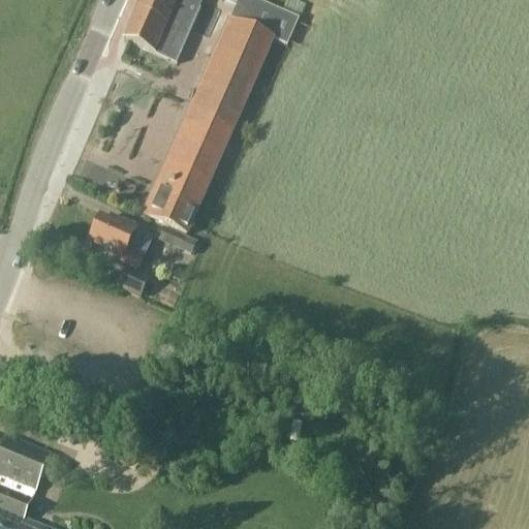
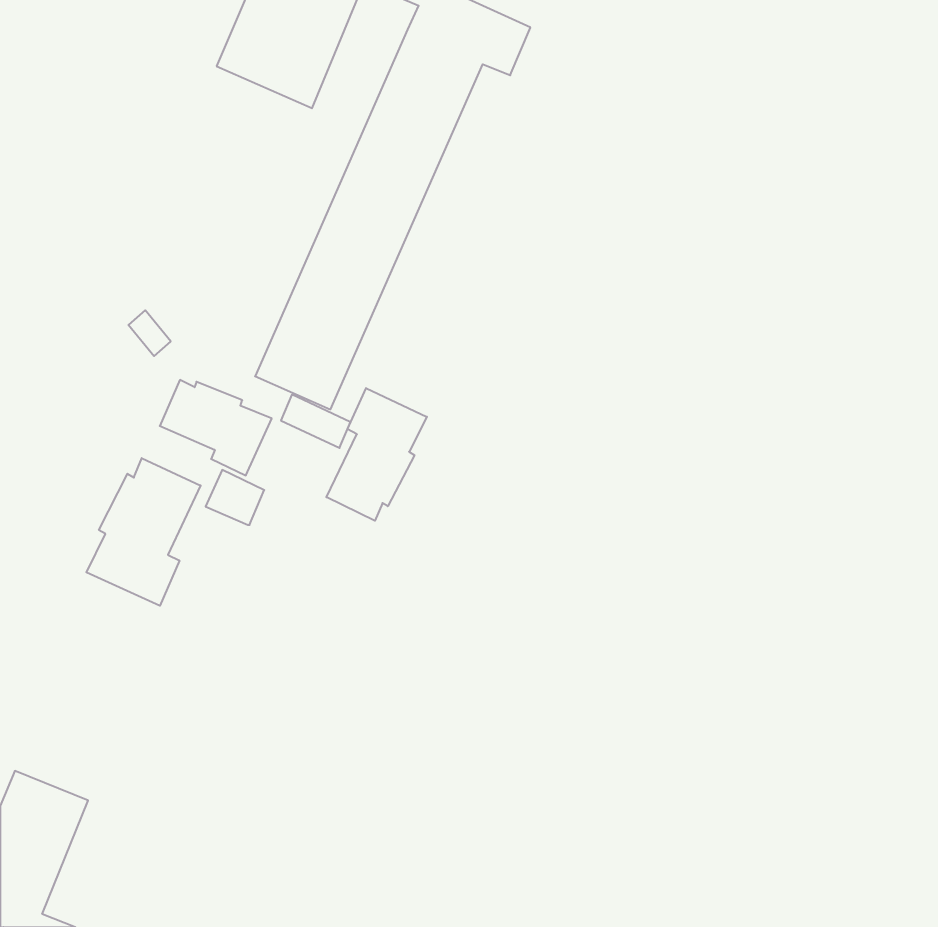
building: none -> [326,388,427,521]
building: none -> [86,458,201,606]

